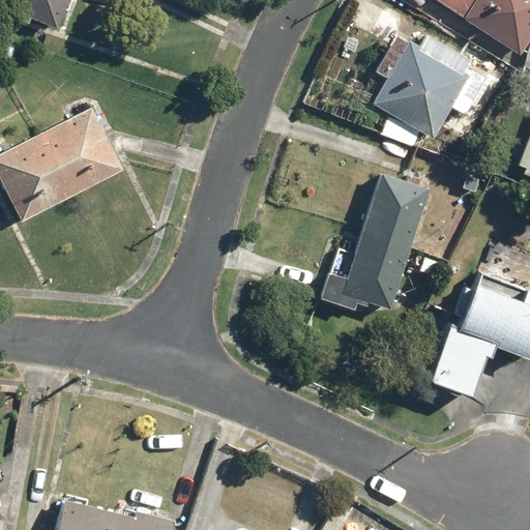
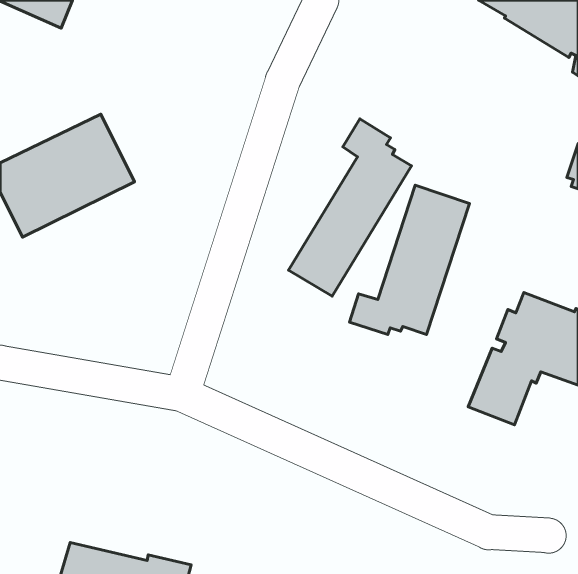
building: [374,33,489,138] -> none
building: none -> [288,119,411,296]

